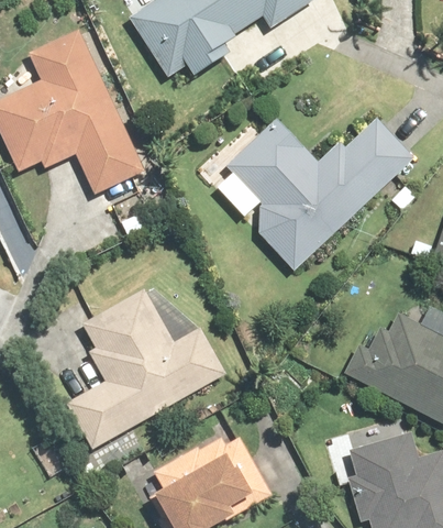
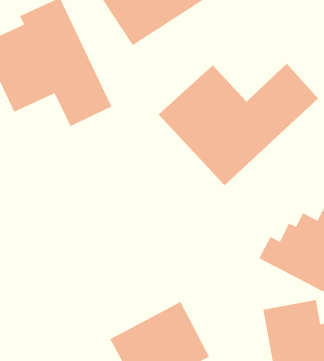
building: [64,285,230,450] -> none

